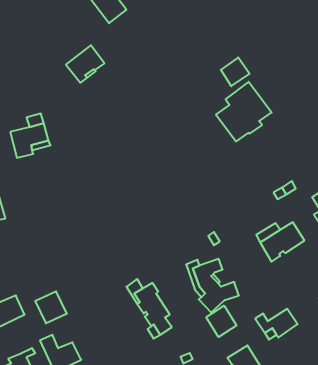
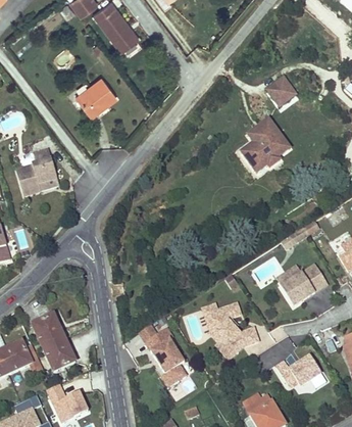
building: [221,57,250,86] -> [267,75,298,105]
building: none -> [32,315,64,347]
building: [206,306,236,337] -> none

